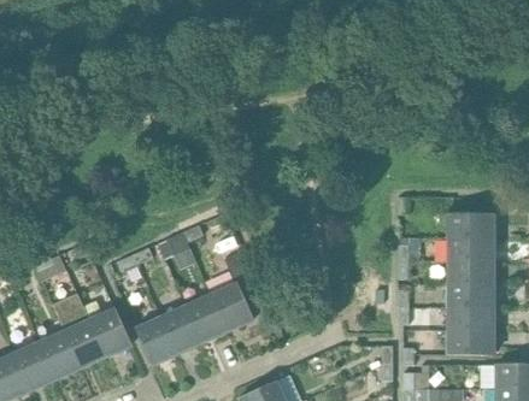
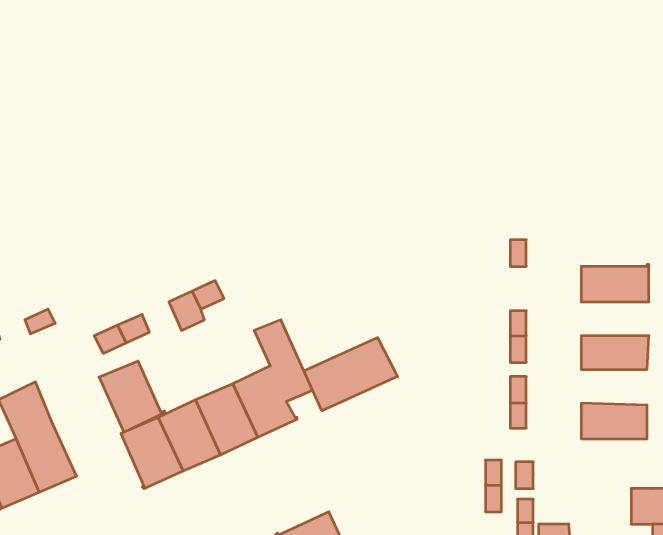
building: [447,238,493,261] -> none
building: none -> [304,338,398,411]
building: [447,284,492,308] -> none
building: [88,308,133,356] -> [99,361,165,432]
building: [447,331,492,356] -> none

